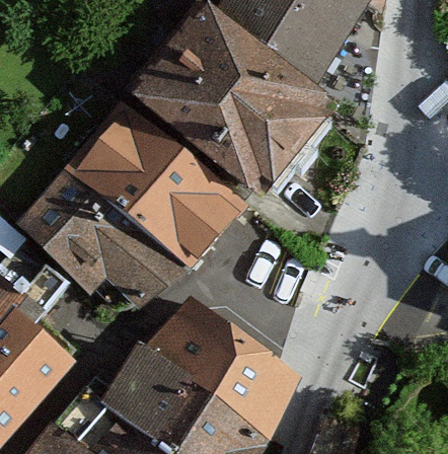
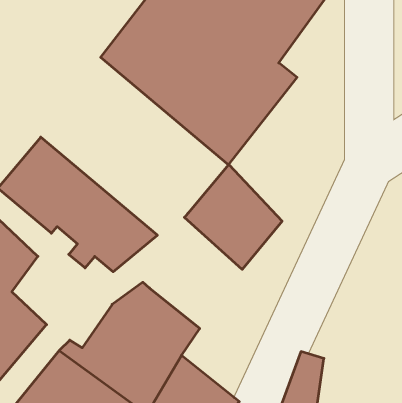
building: [66,99,245,271] -> none
building: none -> [184,165,282,269]
building: [180,306,298,442] -> none

